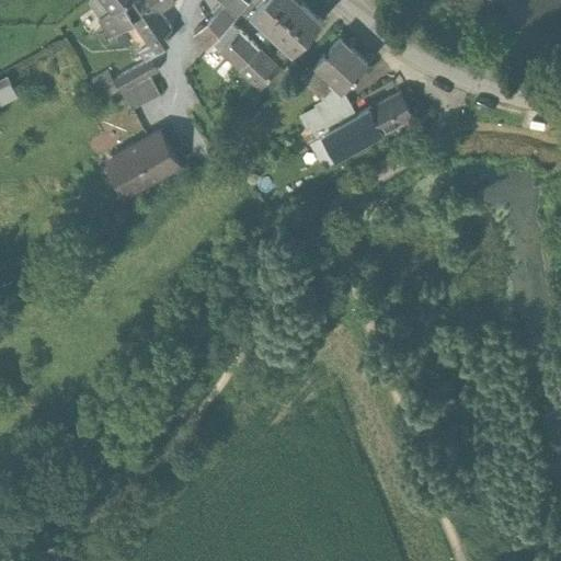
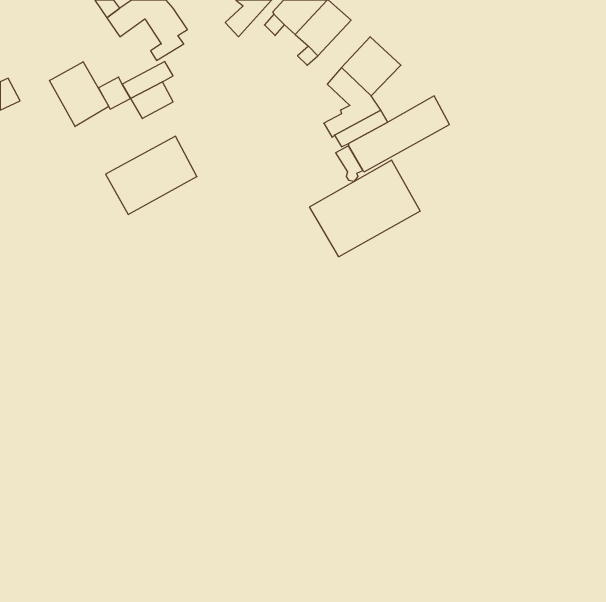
building: [220,32,278,89] -> none
building: none -> [49,62,109,127]
building: none -> [310,160,420,257]

